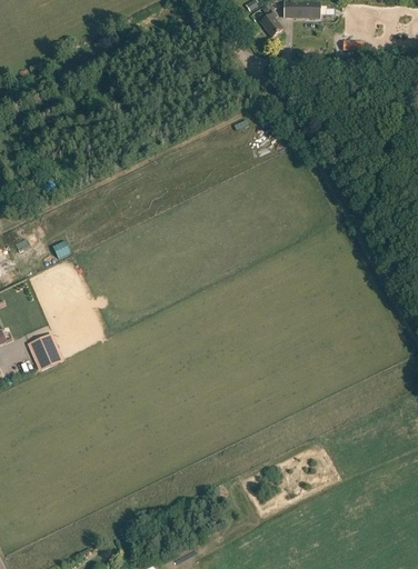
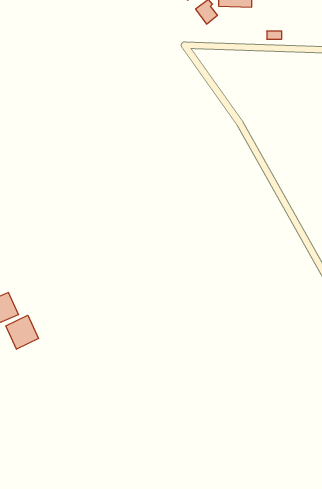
building: none -> [6,315,38,349]

